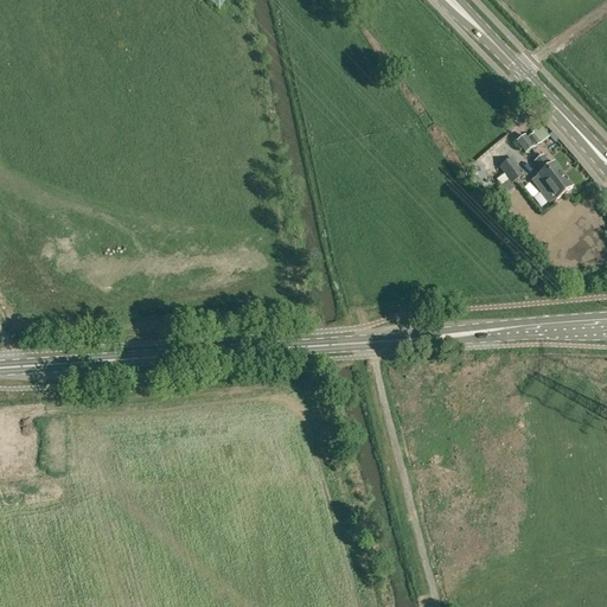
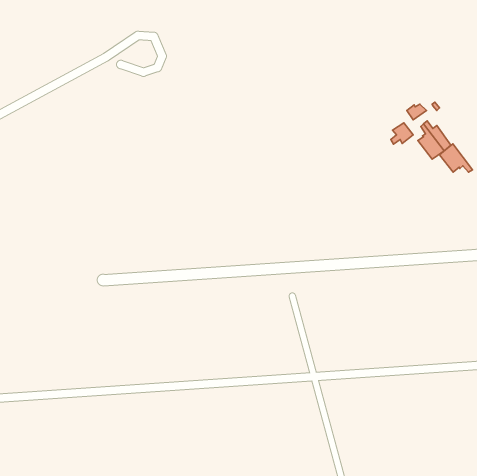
building: none -> [440,144,472,172]

